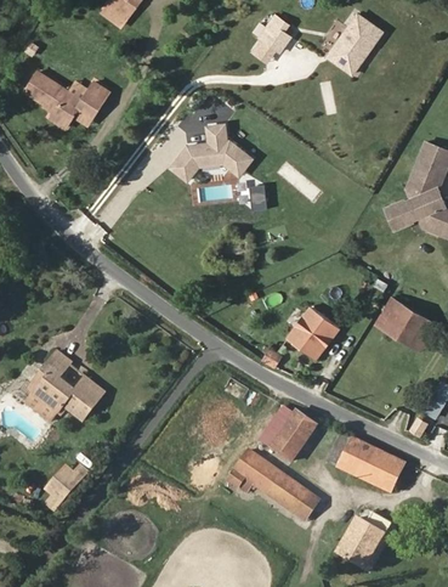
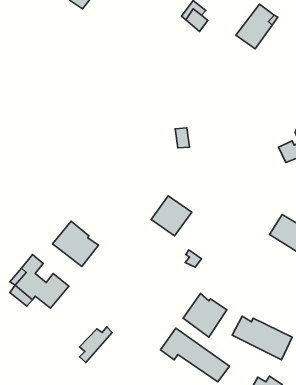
building: [21,68,110,129] -> none
building: [166,120,254,182] -> none
building: [285,306,340,360] -> [151,196,192,236]
building: none -> [52,221,98,266]
building: [42,463,86,510] -> [79,327,112,362]

